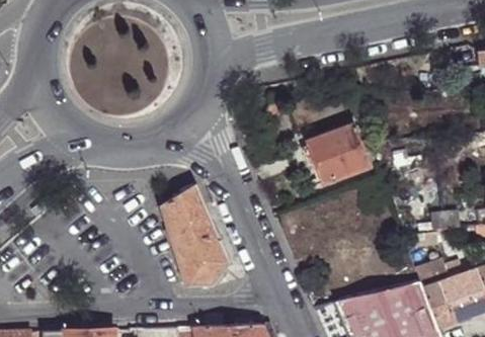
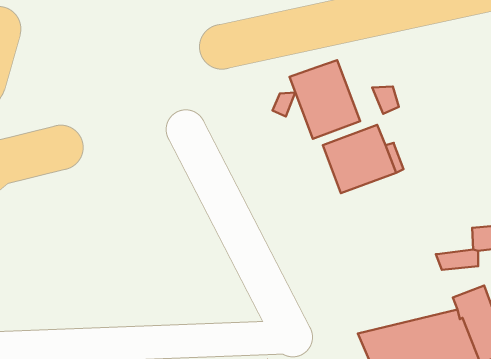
building: none -> [289,60,360,139]
building: [161,183,229,286] -> none

